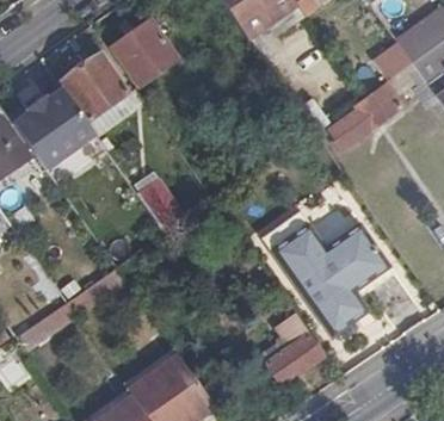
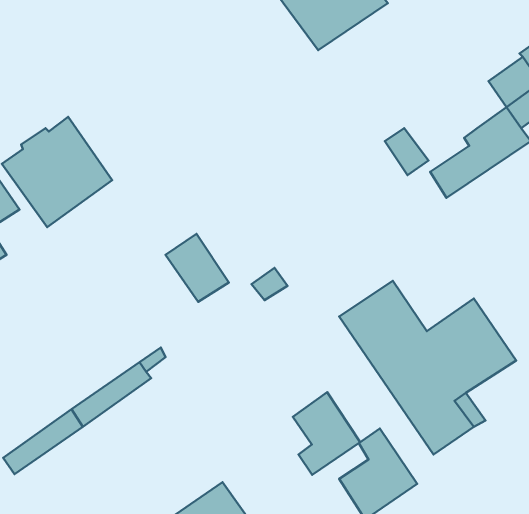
building: [112,19,174,83] -> none
building: [63,55,127,119] -> none
building: none -> [293,392,360,475]

